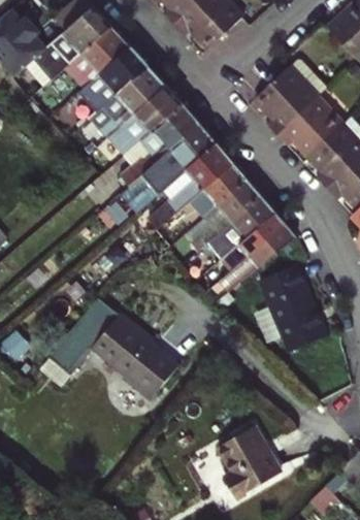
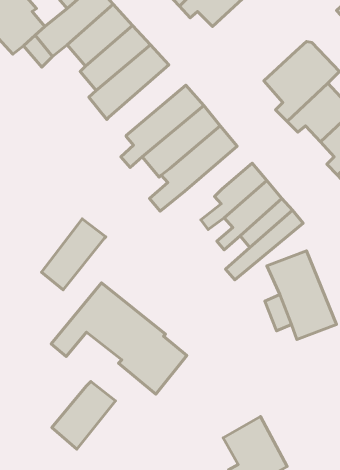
building: [107,85,182,154] -> none
building: [181,163,246,223] -> none
building: none -> [42,219,106,290]
building: none -> [52,381,115,449]

